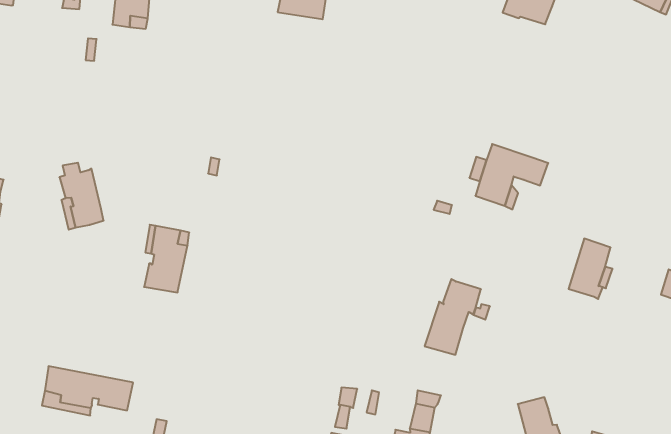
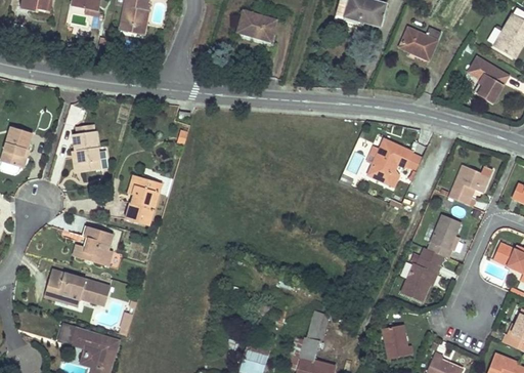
building: none -> [469,56,509,101]
building: none -> [449,164,490,204]
building: [425,279,481,355] -> [401,247,445,301]
building: none -> [73,227,112,265]

